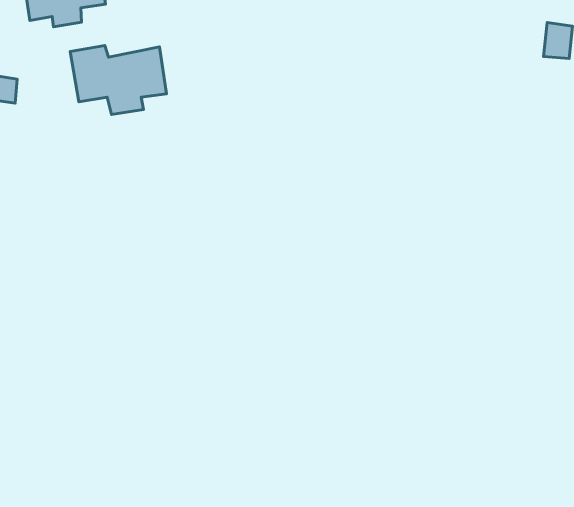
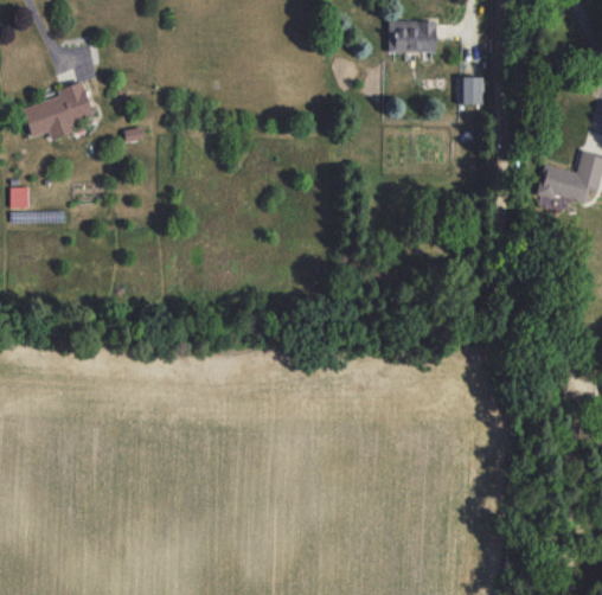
building: [70,45,167,114] -> none

